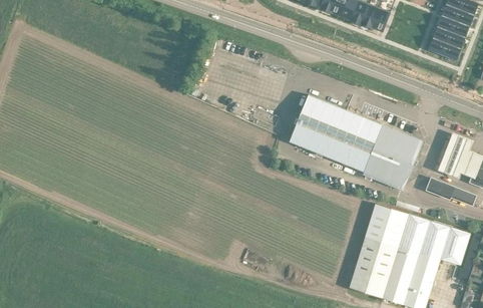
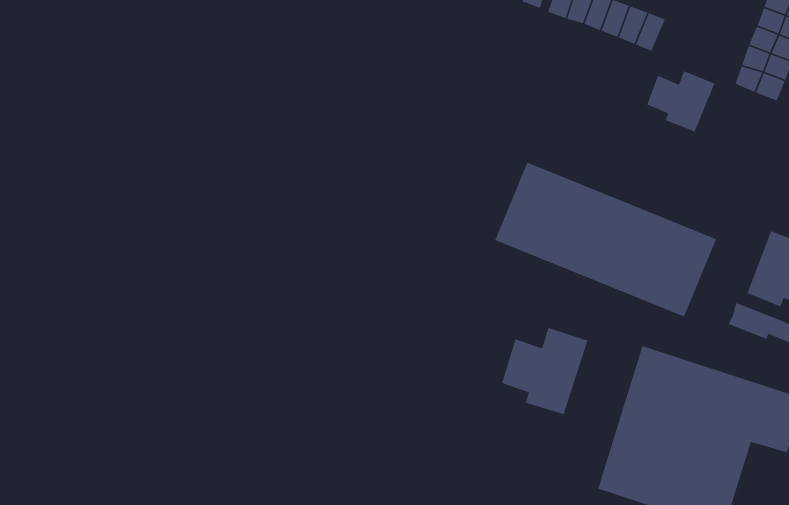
building: none -> [646,70,715,133]
building: none -> [501,327,589,415]

